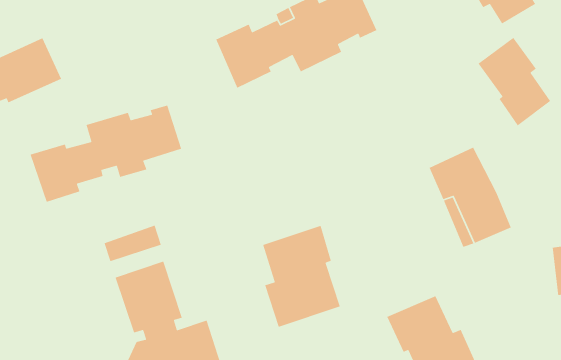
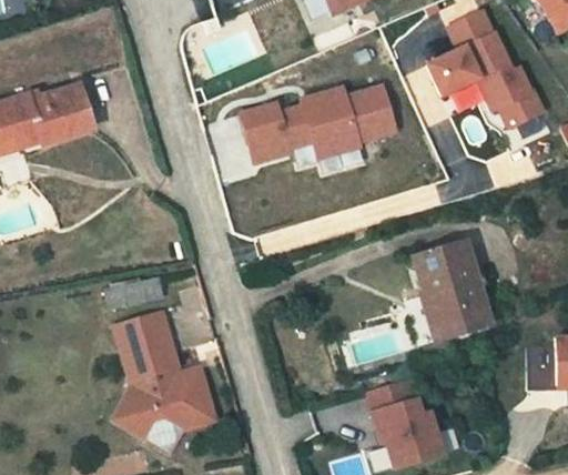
building: [477,37,551,126] -> none
building: [29,104,182,203] -> none
building: [262,225,341,328] -> none

